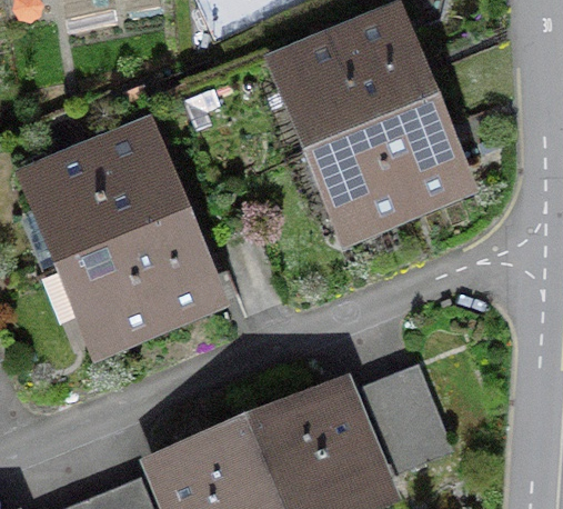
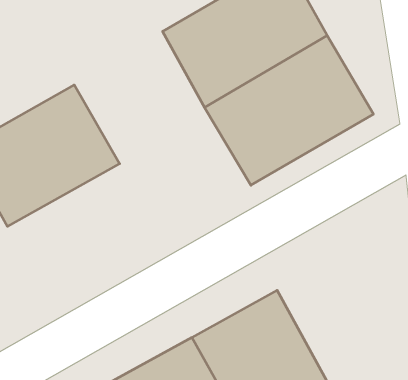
building: [56,211,225,352] -> none
building: [363,367,449,472] -> none

